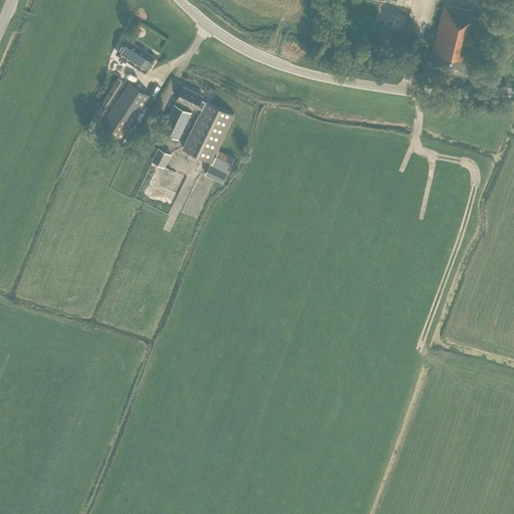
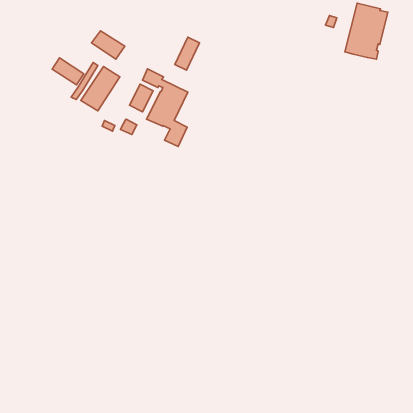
building: none -> [175,37,199,70]
building: none -> [52,58,84,85]

